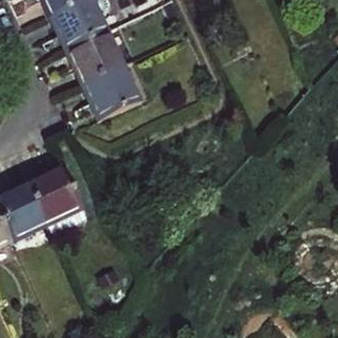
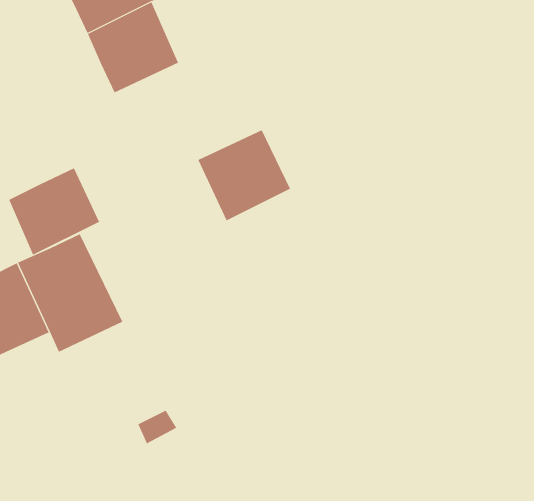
building: [83,65,137,118] -> [197,129,291,221]
building: none -> [9,168,100,255]

